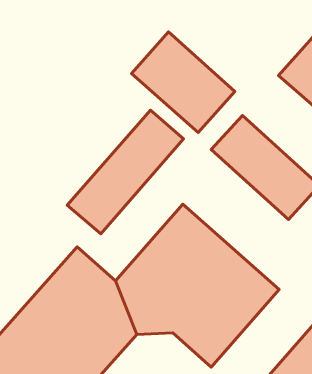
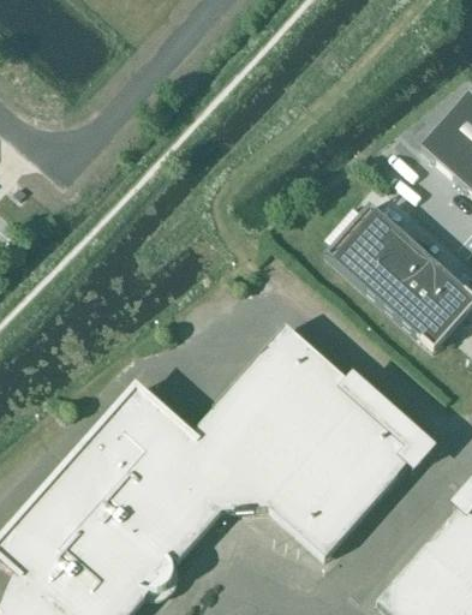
building: [132,32,235,132] -> none
building: [67,110,184,234] -> none

